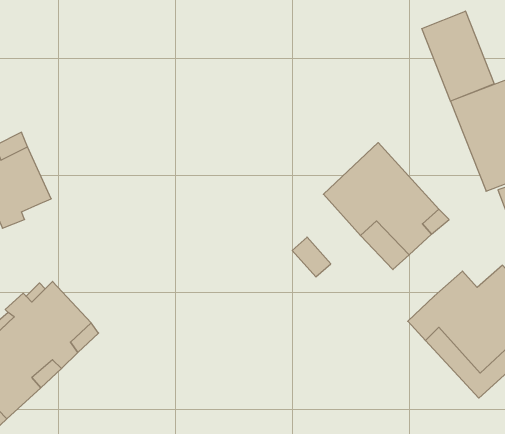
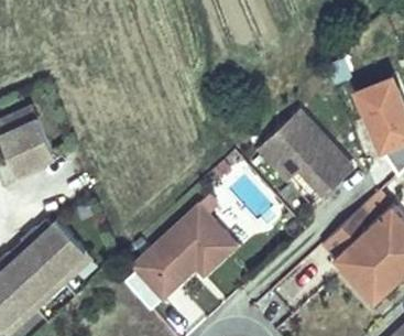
building: [422,11,494,101] -> none
building: none -> [129,206,233,300]

